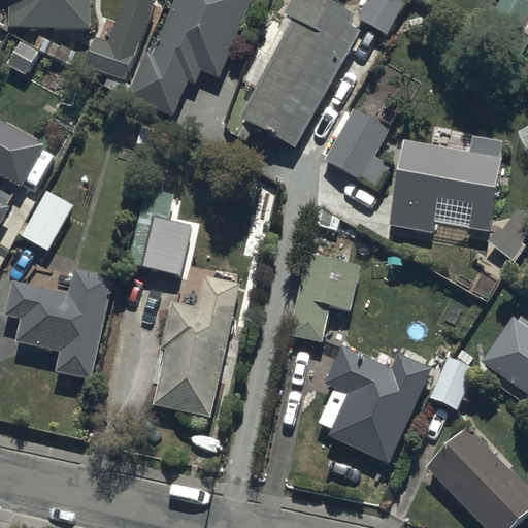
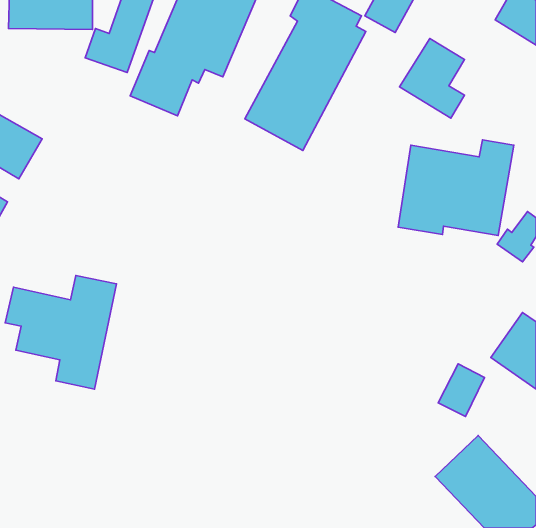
building: [326,108,390,187] -> [399,38,465,118]
building: [23,189,74,250] -> none
building: [128,193,186,272] -> none
building: [291,253,360,349] -> none
building: [152,274,239,417] -> none
building: [319,346,431,462] -> none

